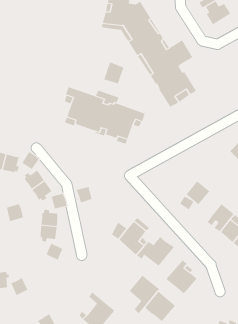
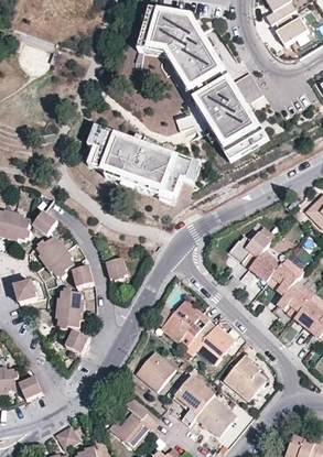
building: [103,62,124,84] -> none
building: none -> [228,227,274,268]
building: none -> [266,258,302,295]
building: none -> [136,350,174,390]

